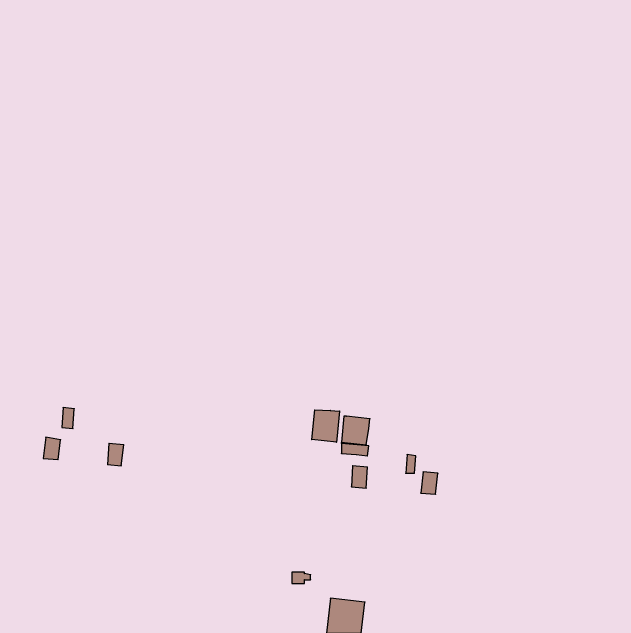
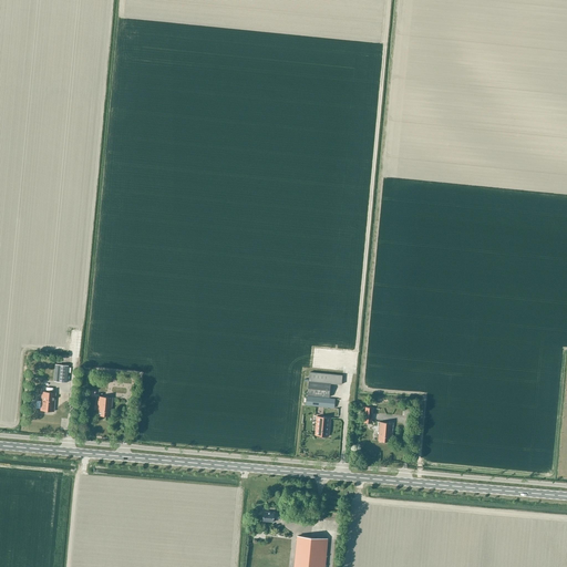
building: [312,410,340,442] -> none

